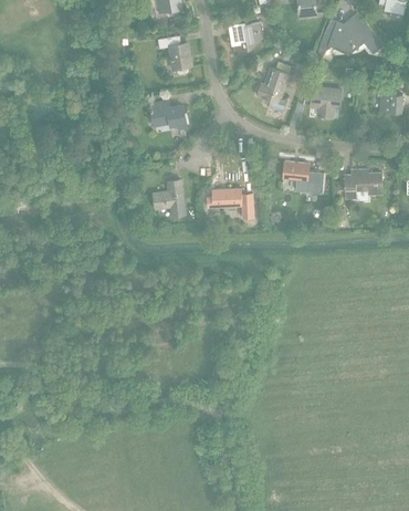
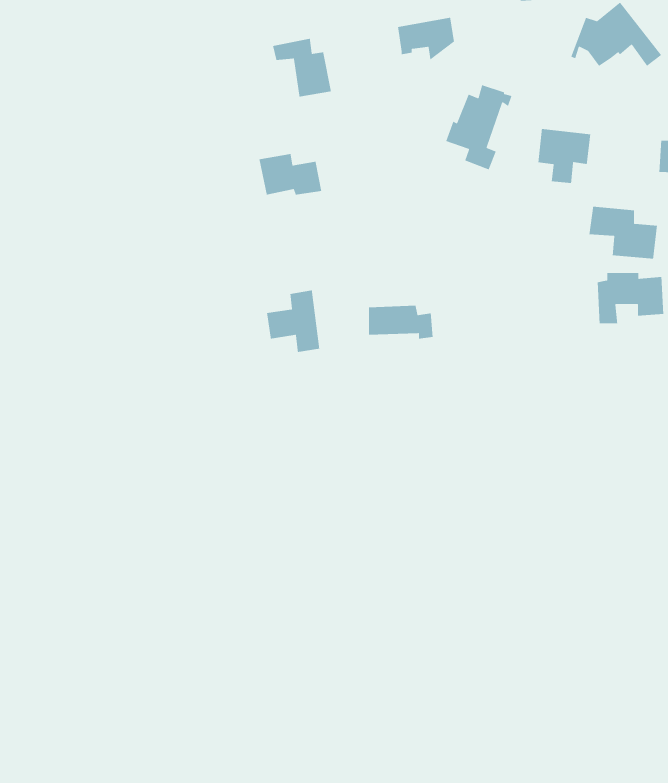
building: [281,161,321,192] -> [589,206,658,260]

